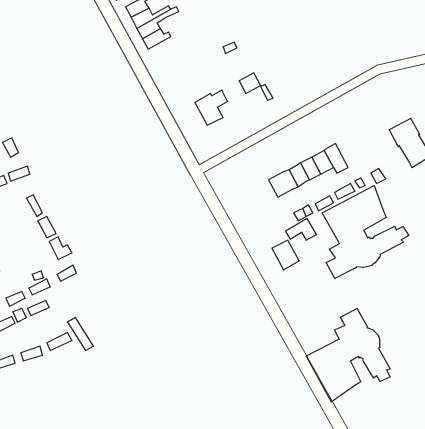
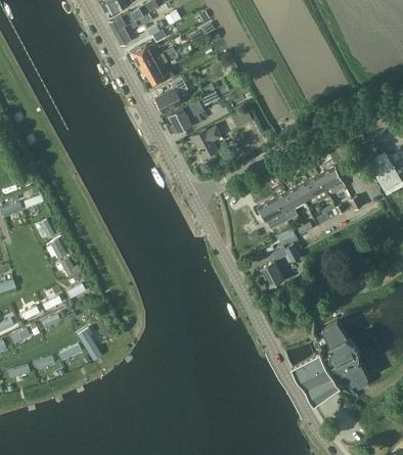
building: none -> [155,76,189,112]
building: none -> [169,90,224,134]
building: none -> [319,166,347,195]
building: [322,186,409,279] -> none

